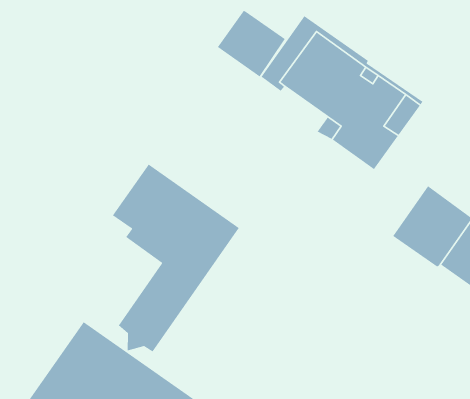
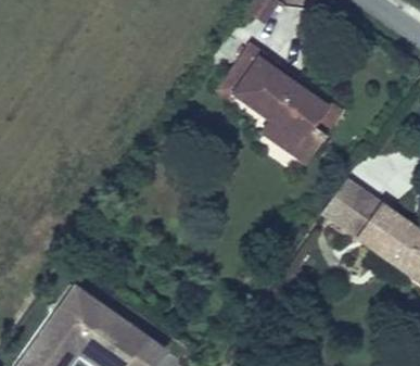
building: [217,10,286,78] -> none
building: [112,163,240,352] -> none

